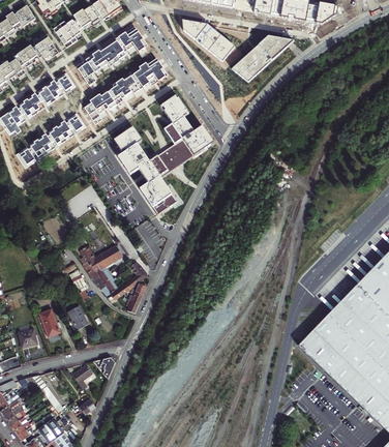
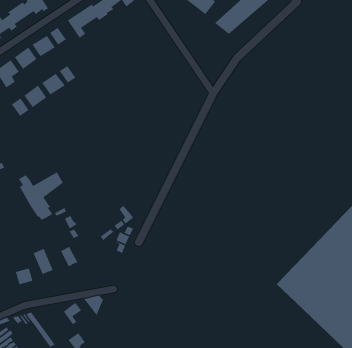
building: [84,58,166,122] -> none
building: [114,93,214,214] -> none
building: [80,241,128,294] -> [18,171,64,221]

